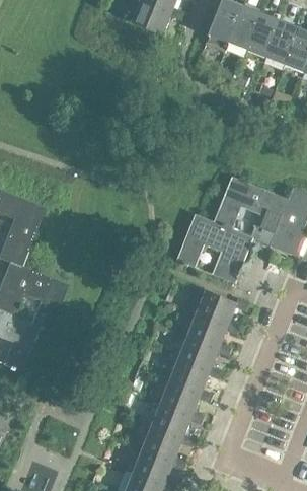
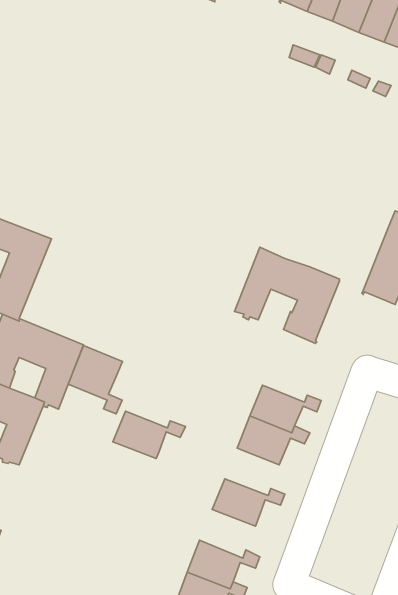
building: [214,176,289,244] -> none
building: none -> [68,346,122,414]
building: [198,290,249,326] -> none
building: [170,359,223,394] -> [113,411,186,458]
building: [152,404,205,439] -> none

